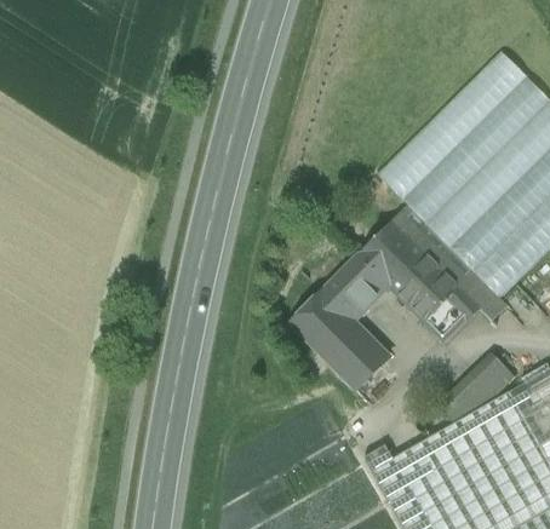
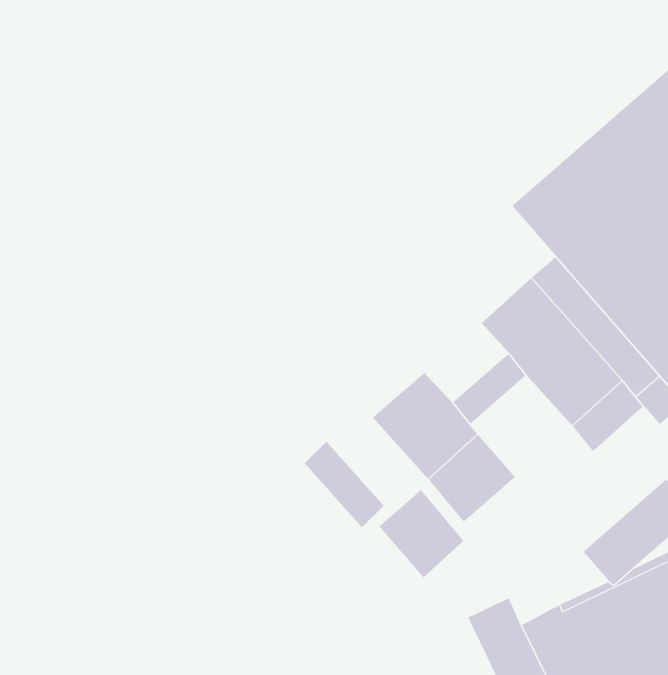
building: [322,257,379,312] -> none
building: none -> [304,441,385,528]
building: none -> [378,489,464,578]

